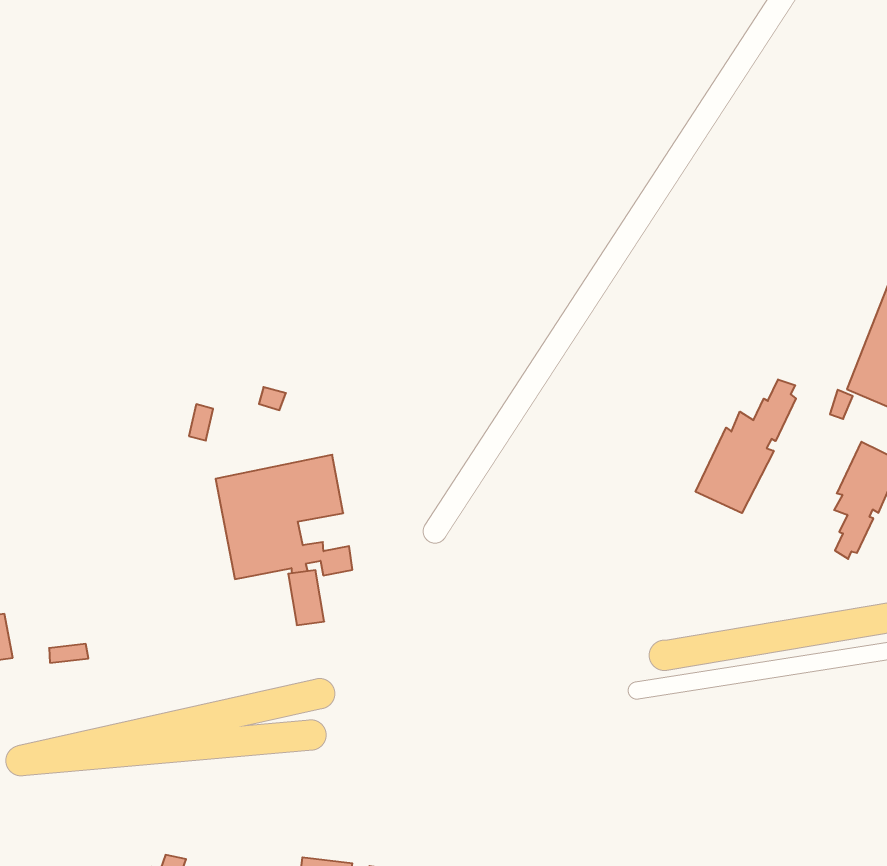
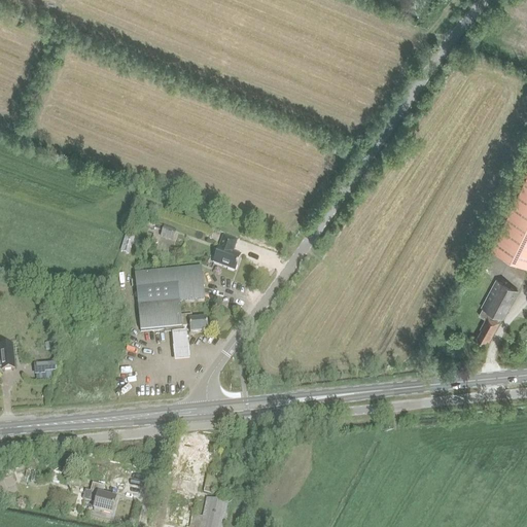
building: [696,379,796,513] -> none
building: none -> [213,234,239,268]

